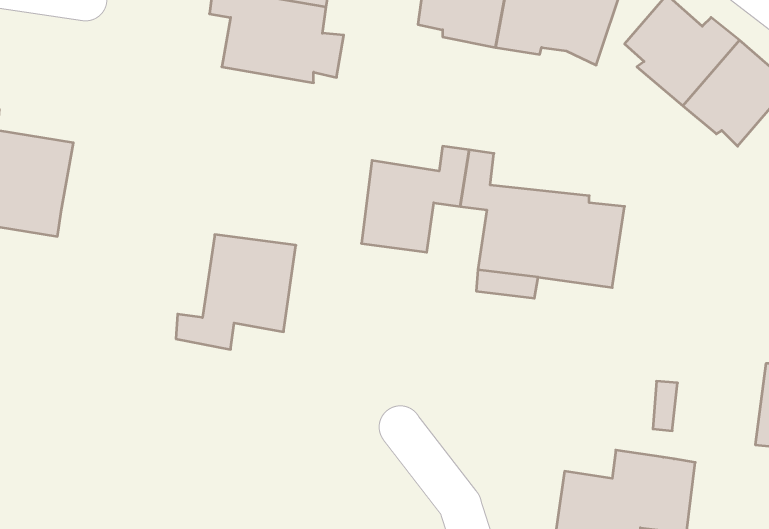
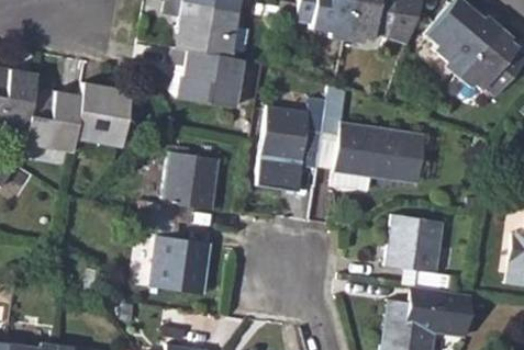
building: none -> [170,47,244,108]
building: none -> [75,82,132,146]
building: none -> [258,157,309,191]
building: none -> [387,214,451,290]
building: none -> [143,216,209,295]

